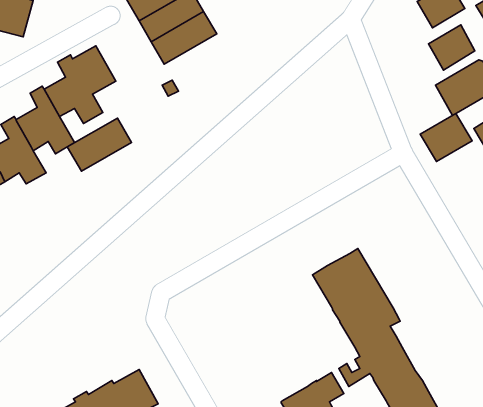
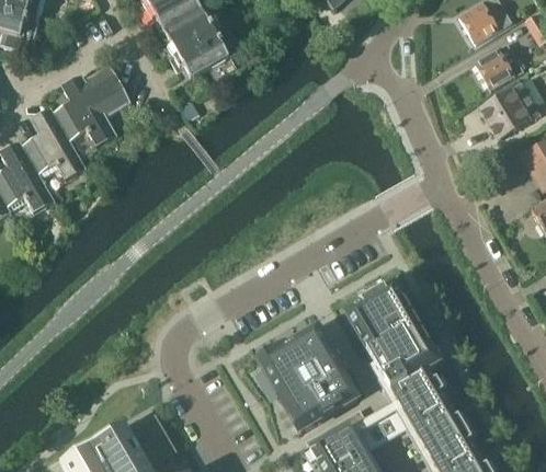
building: [420,114,472,161] -> none
building: [67,118,132,171] -> none
building: none -> [258,329,356,433]

